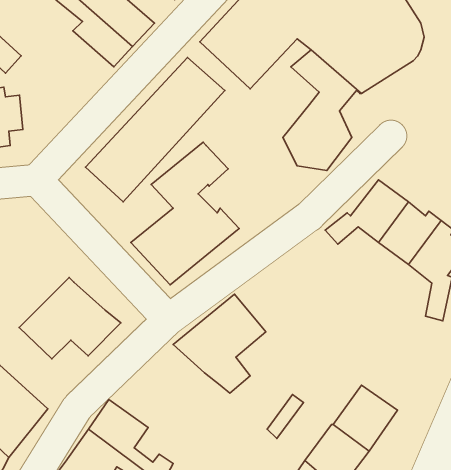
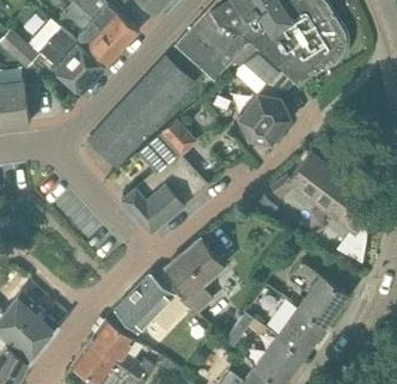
building: none -> [30,20,106,95]
building: [19,277,121,359] -> [112,274,190,336]
building: none -> [291,266,348,328]

